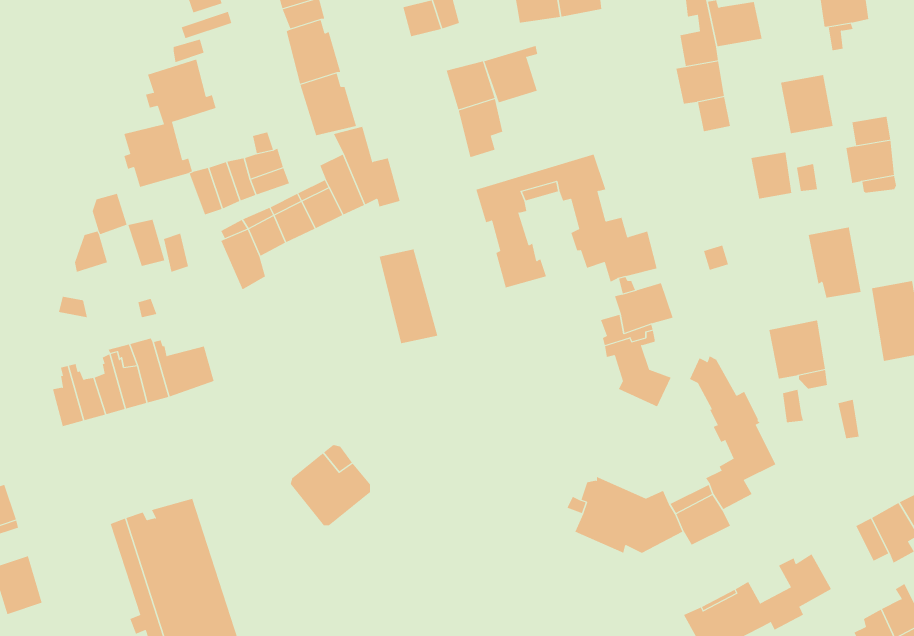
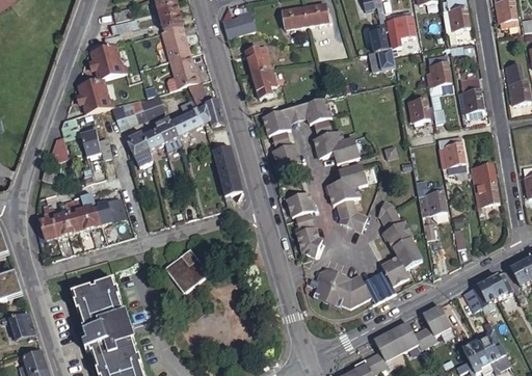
building: [484,45,538,103] -> none
building: none -> [287,192,320,256]

